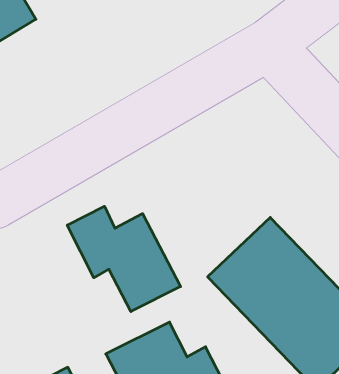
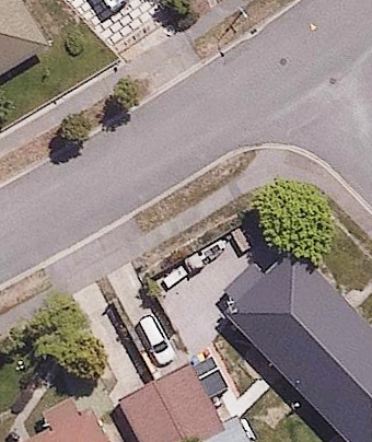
building: [67,206,181,312] -> none

